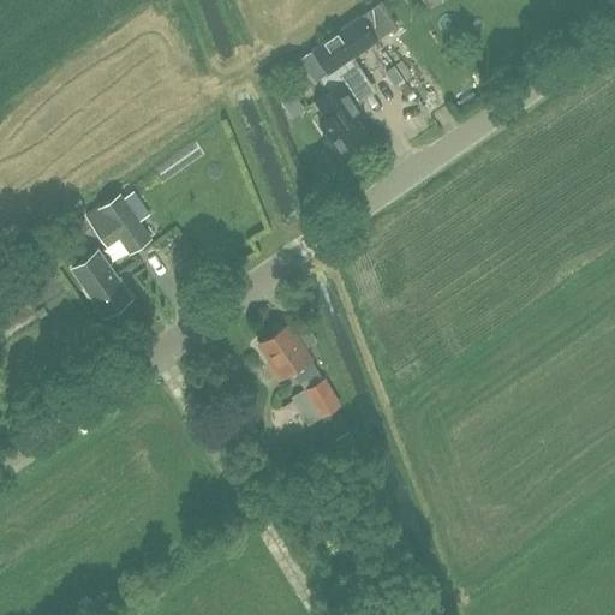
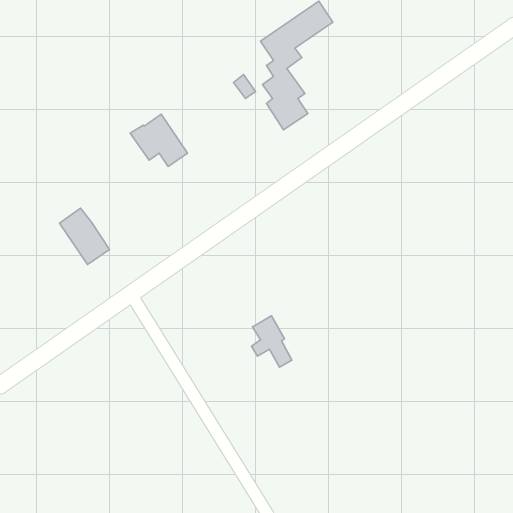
building: [84,193,153,256] -> [130,114,187,166]
building: [259,327,318,384] -> none

